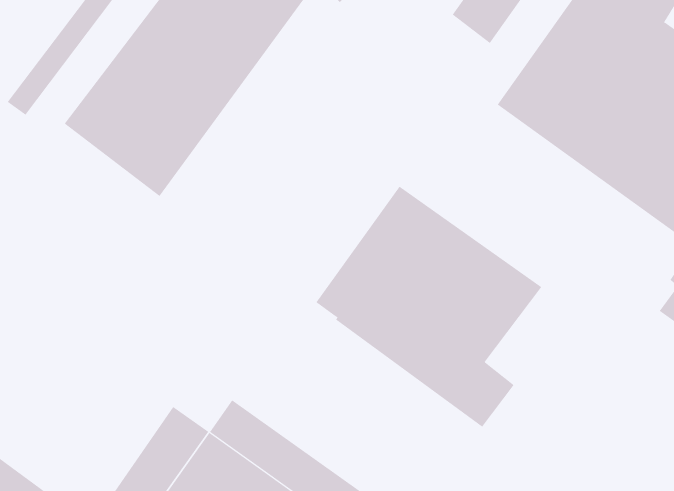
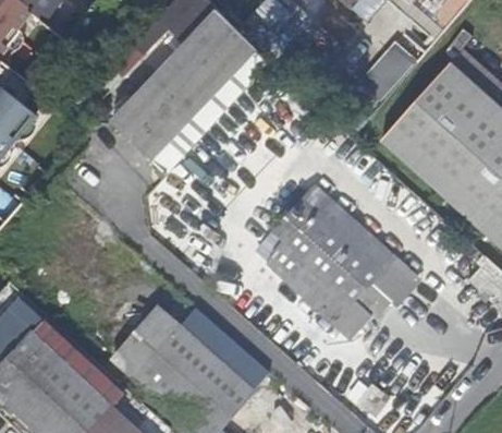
building: none -> [355,256,420,317]

